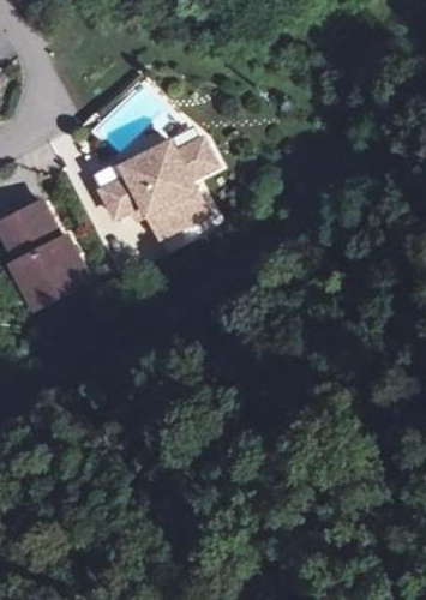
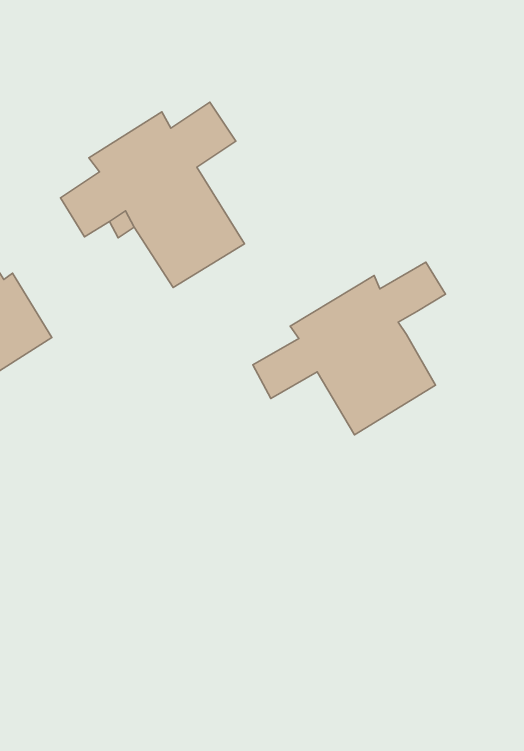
building: none -> [253,262,445,435]

